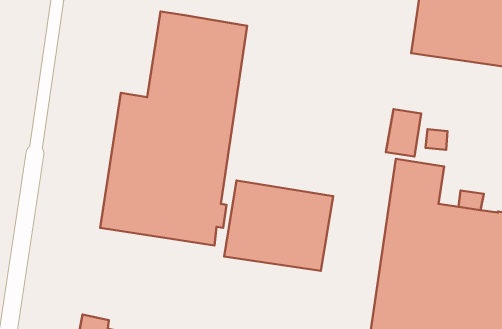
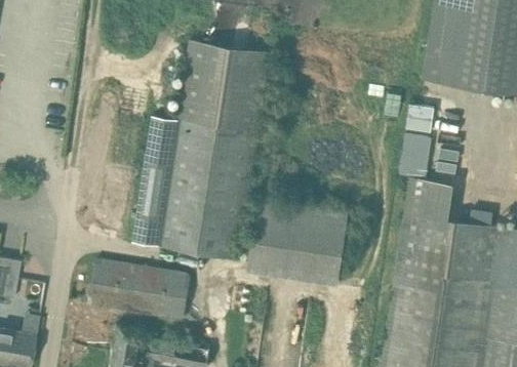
building: none -> [405,103,433,130]
building: none -> [88,257,191,320]

